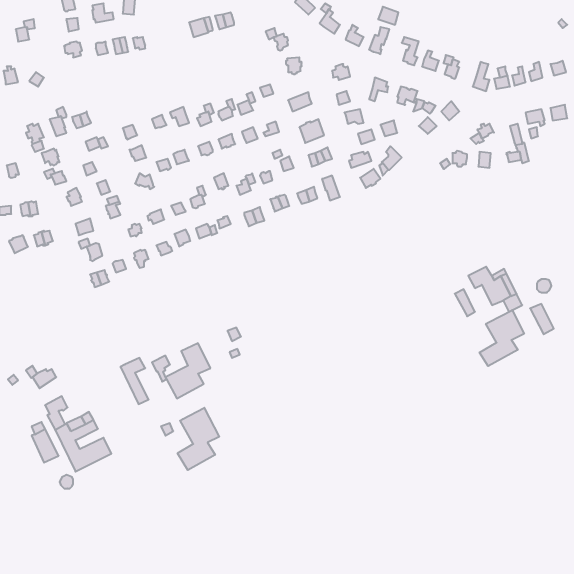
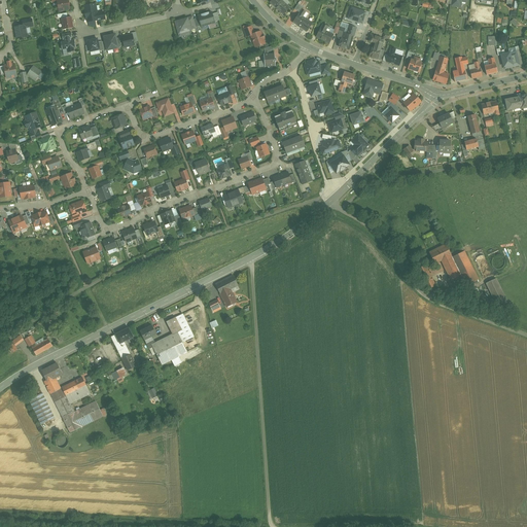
building: none -> [214,275,237,306]
building: [480,310,524,366] -> none
building: [178,408,219,470] -> none

